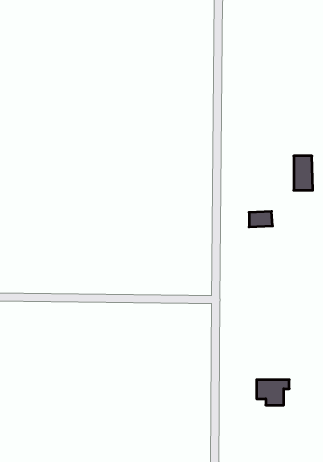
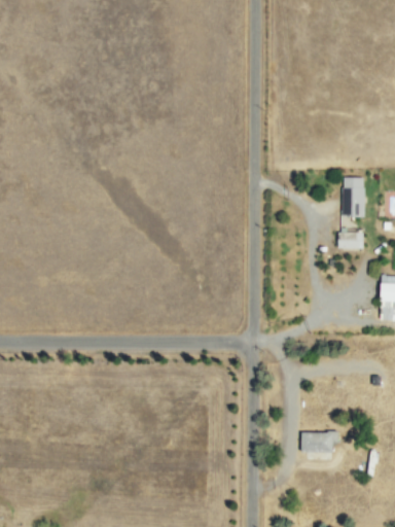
building: [249,211,273,227] -> [337,233,364,250]

